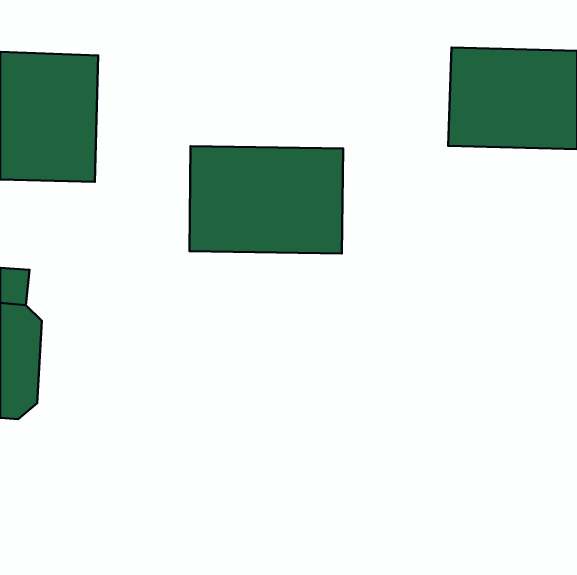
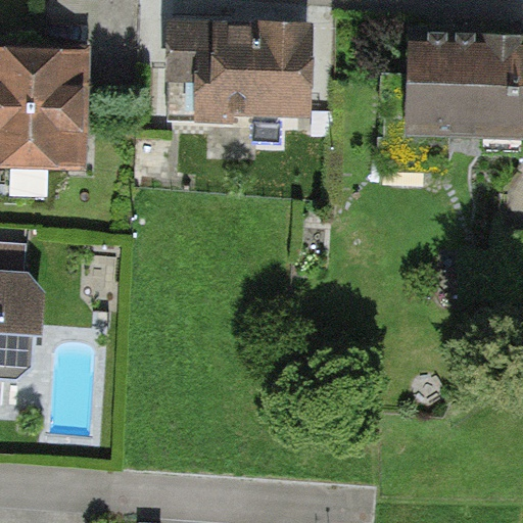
building: [190,146,343,254] -> [173,20,312,117]

